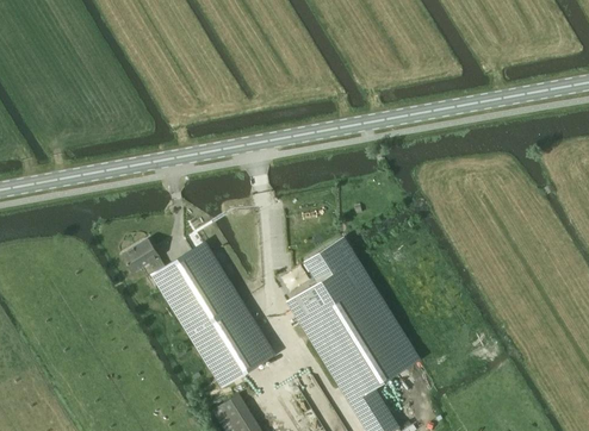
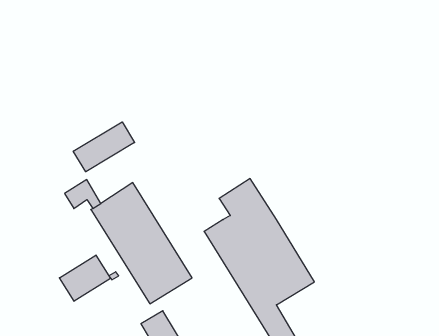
building: none -> [73,122,135,172]
building: none -> [59,255,111,301]

